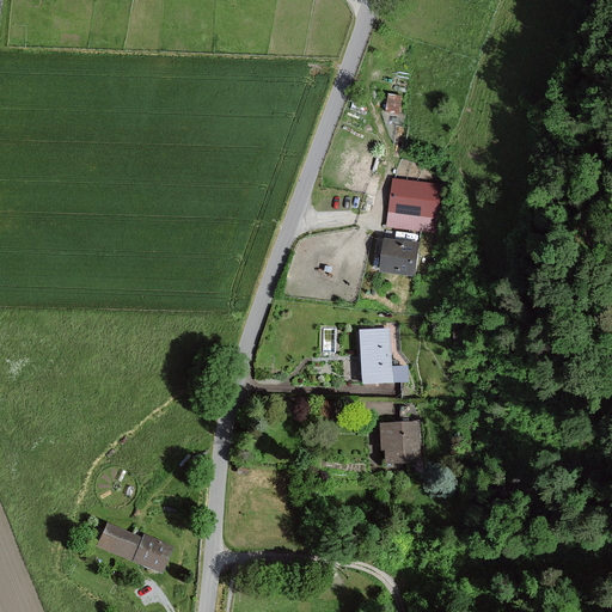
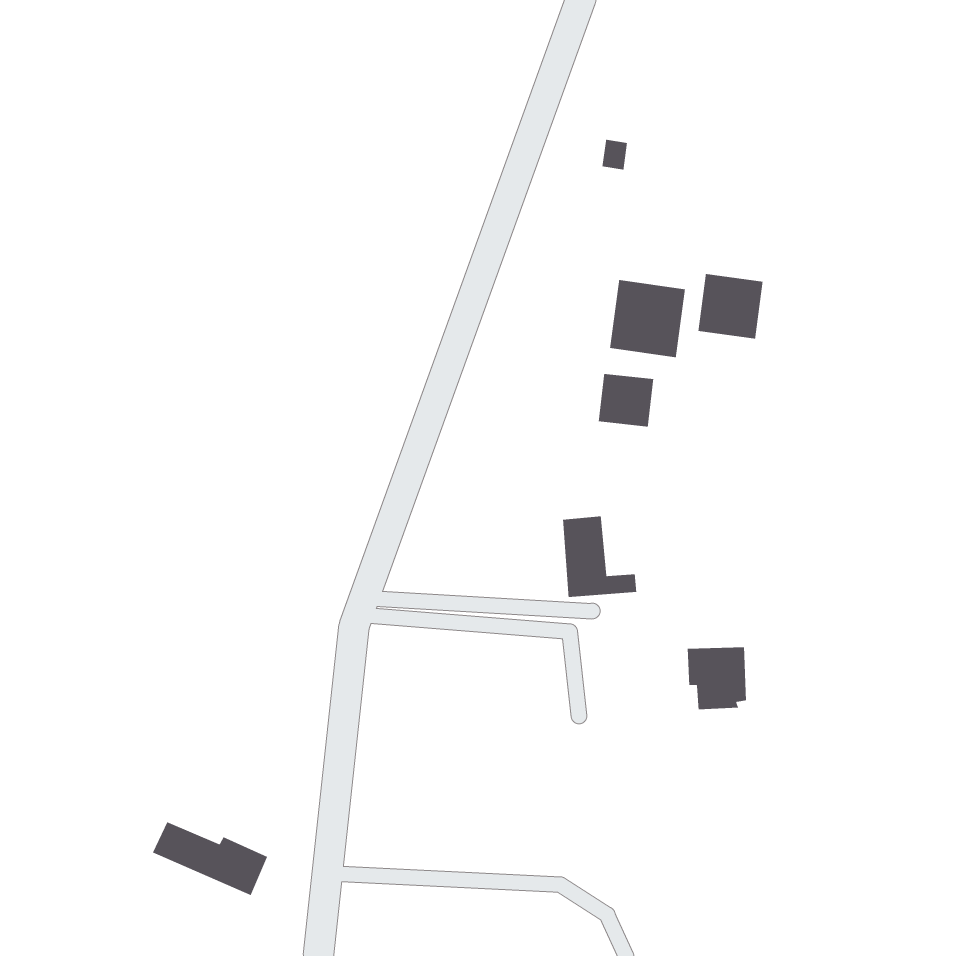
building: none -> [697,273,764,339]
building: [379,421,417,461] -> [687,646,747,710]

